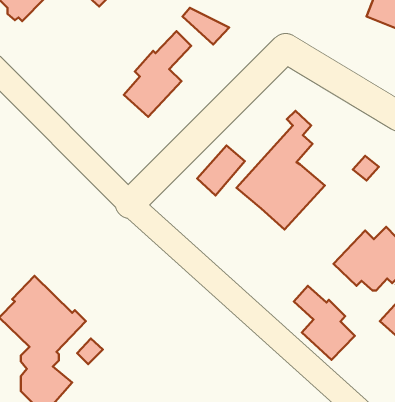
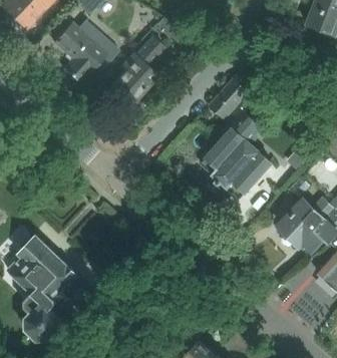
building: none -> [54,21,118,83]
building: [197,145,245,196] -> [210,79,249,120]
building: [294,286,355,360] -> none

